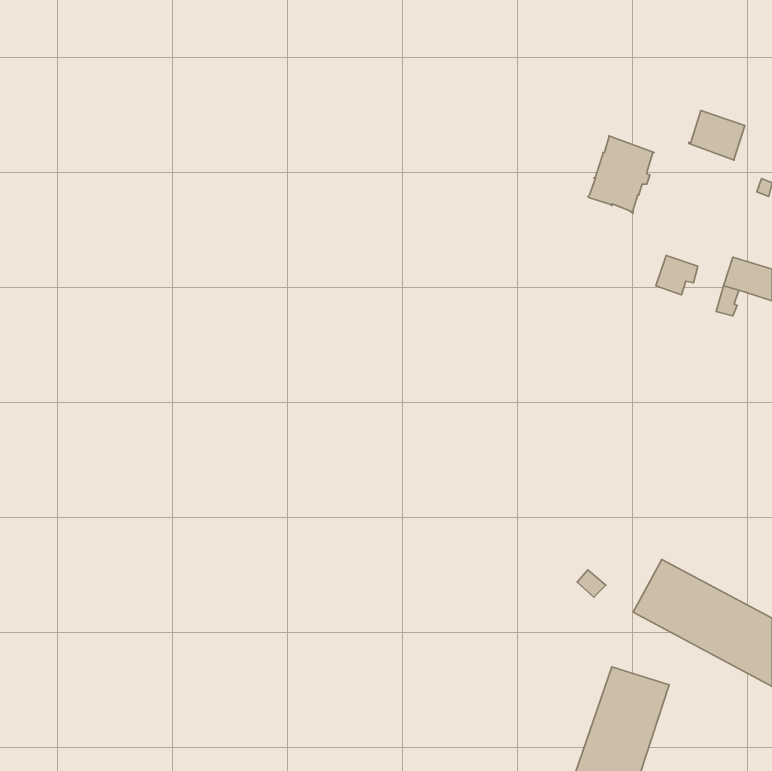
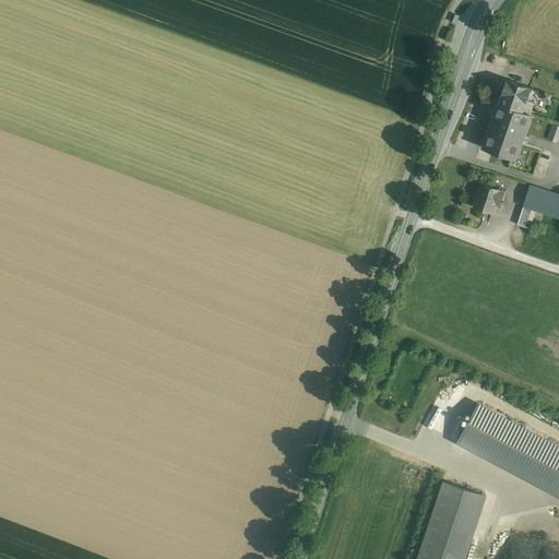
building: [588,136,654,213] -> [483,105,531,160]

